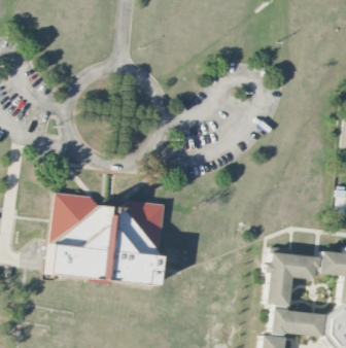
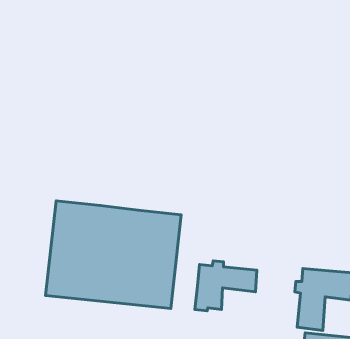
building: none -> [195,261,257,311]

